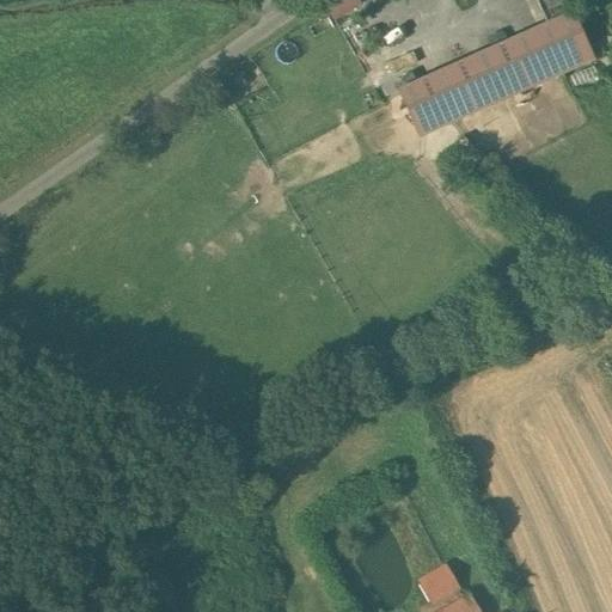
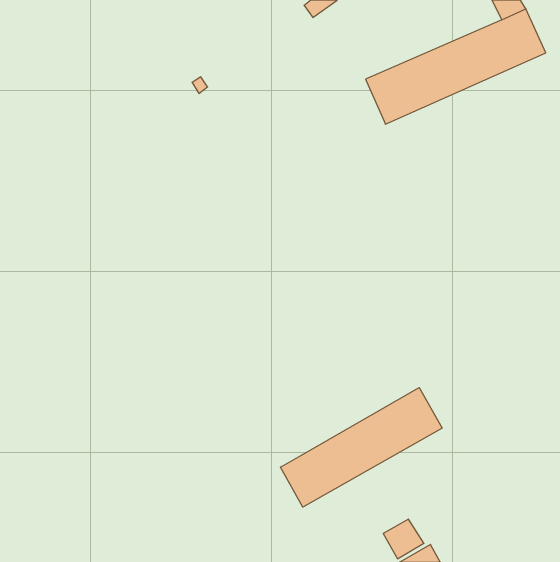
building: none -> [280,388,442,507]

